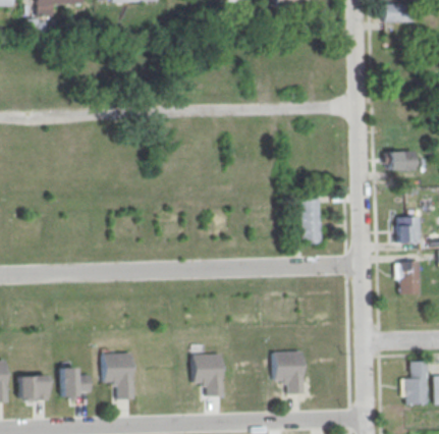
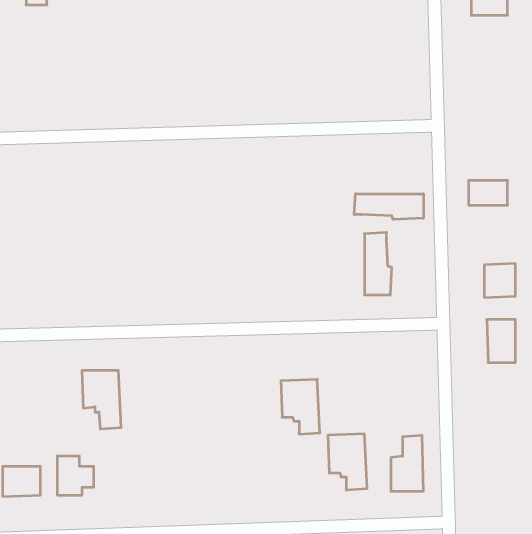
building: none -> [354,194,423,219]
building: [103,354,133,399] -> [82,370,121,429]
building: [193,354,223,396] -> [281,379,320,434]
building: [402,361,428,404] -> [391,435,423,491]

